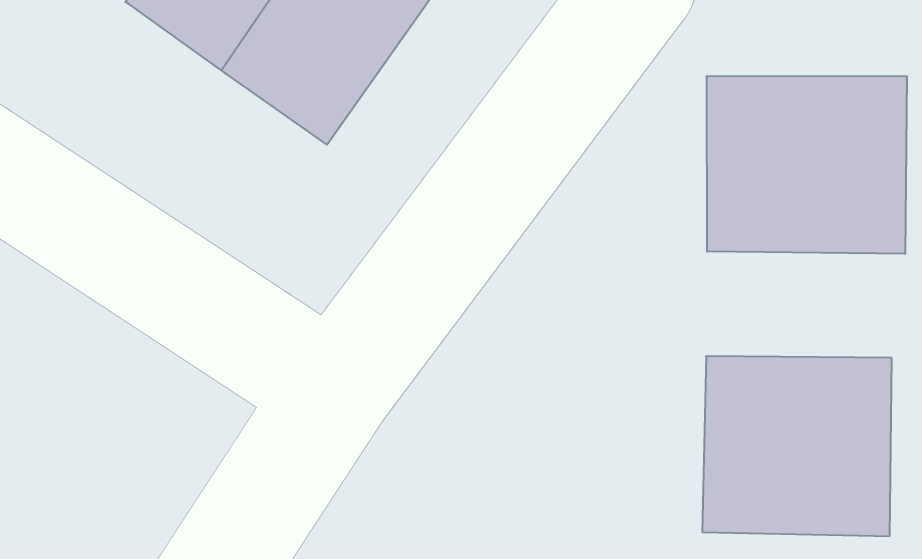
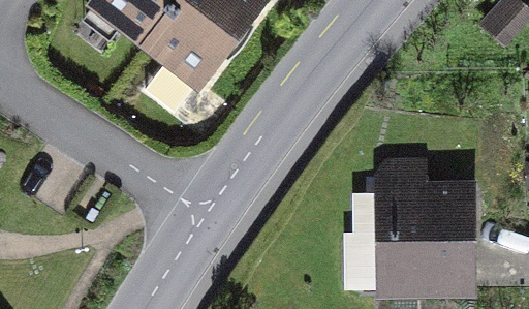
building: [707,76,907,254] -> none

